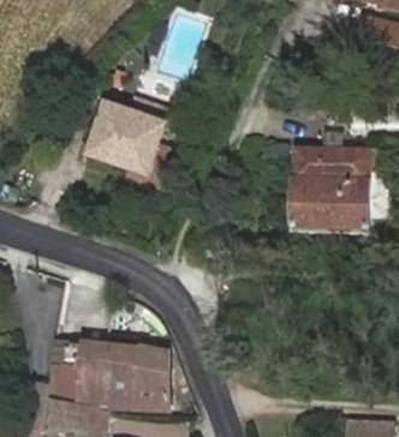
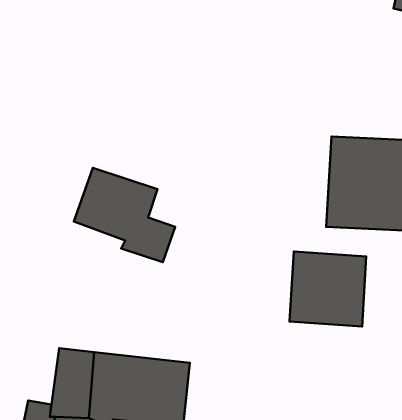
building: [88,104,178,188] -> [74,168,175,262]
building: none -> [290,251,366,327]

